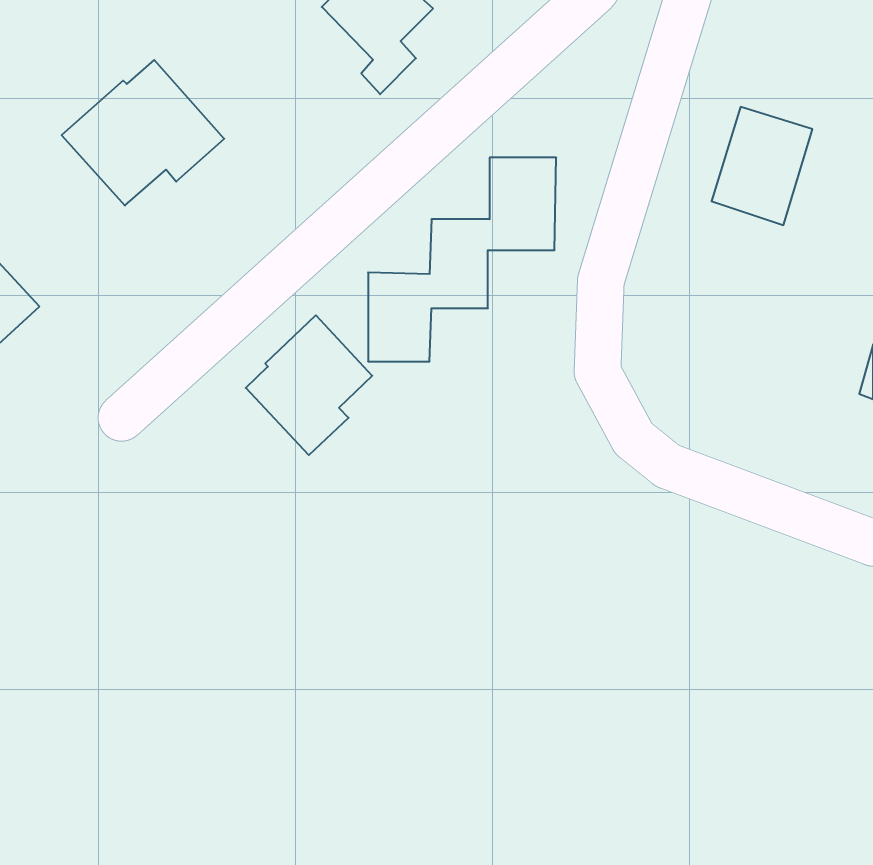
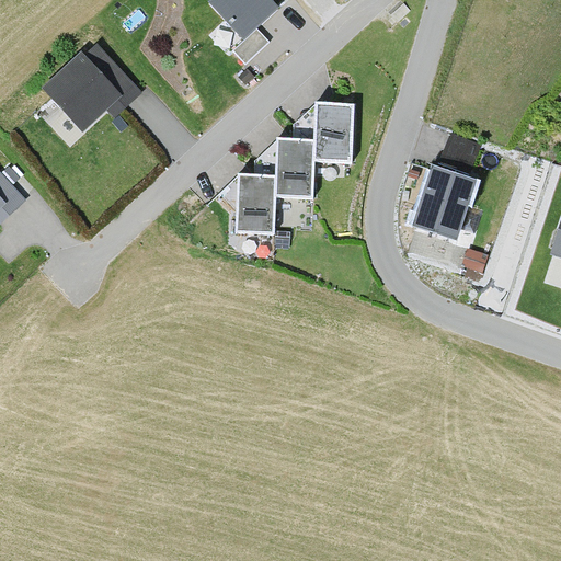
building: [711,107,812,225] -> [411,165,476,241]
building: [246,315,372,455] -> none

